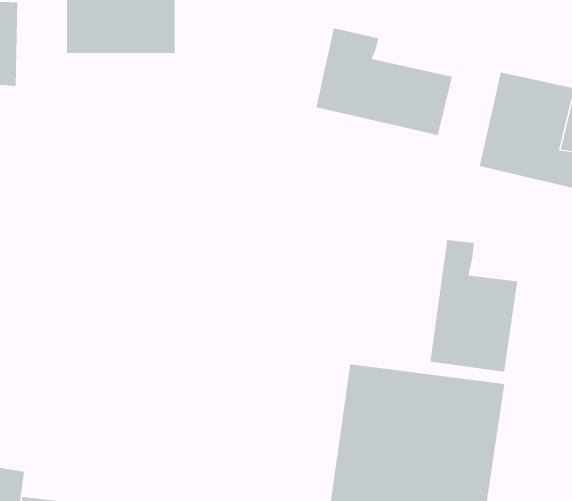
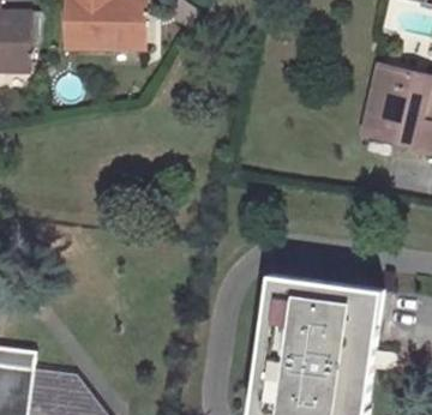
building: [316,28,452,136] -> none
building: [430,239,518,373] -> none

